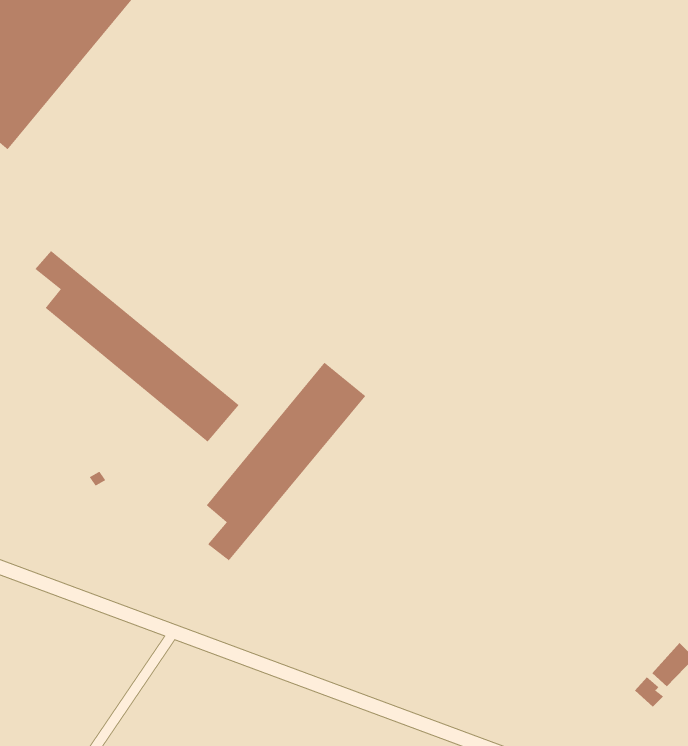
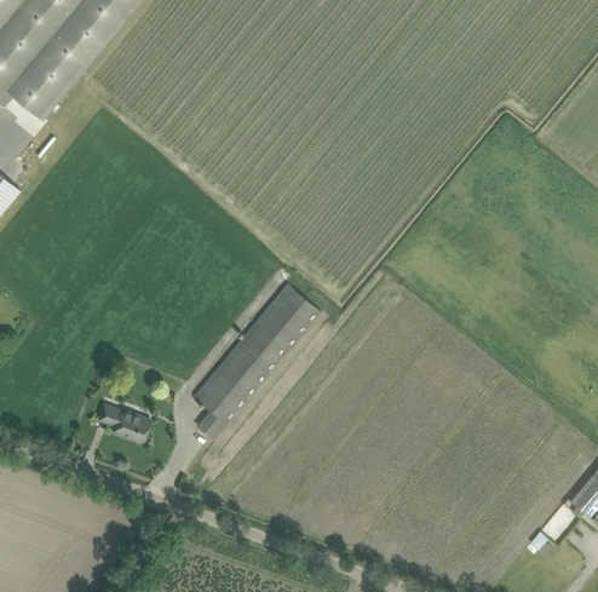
building: [35,250,239,443] -> none
building: none -> [98,403,150,442]

